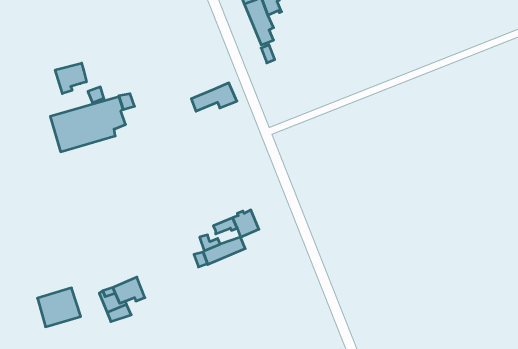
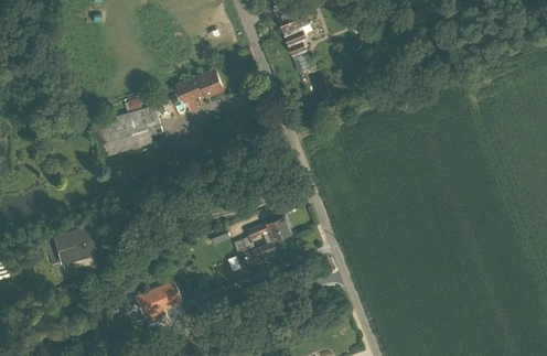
building: [55,63,86,94] -> none
building: [191,83,237,111] -> [178,71,222,98]
building: [37,288,81,327] -> [55,227,97,265]

